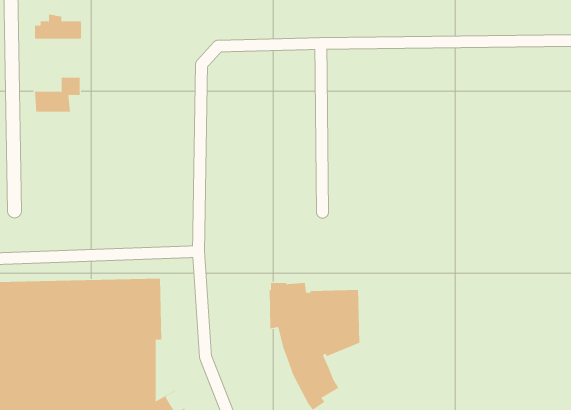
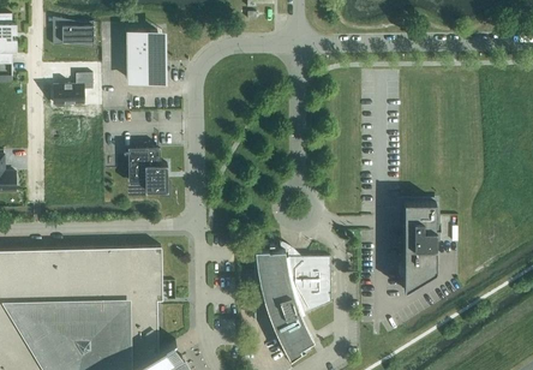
building: none -> [130,34,157,84]
building: none -> [130,145,168,195]
building: none -> [403,204,439,293]

